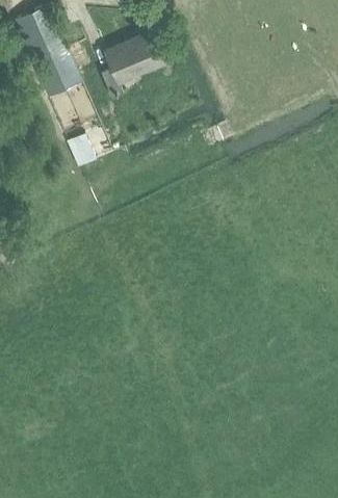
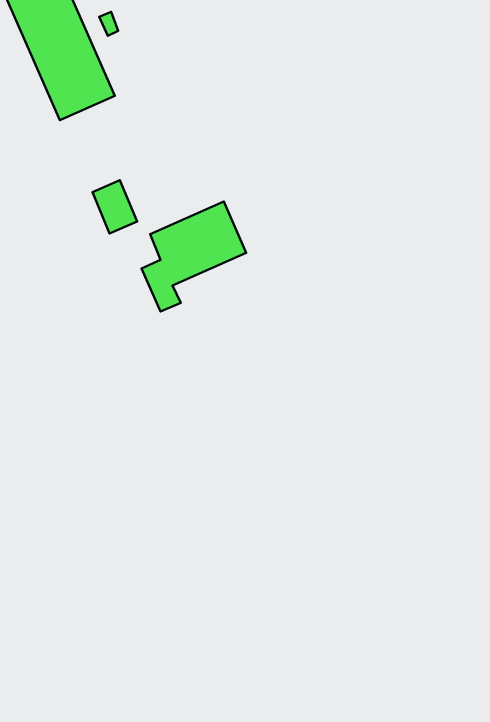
building: [98,31,161,98] -> [141,201,246,311]

